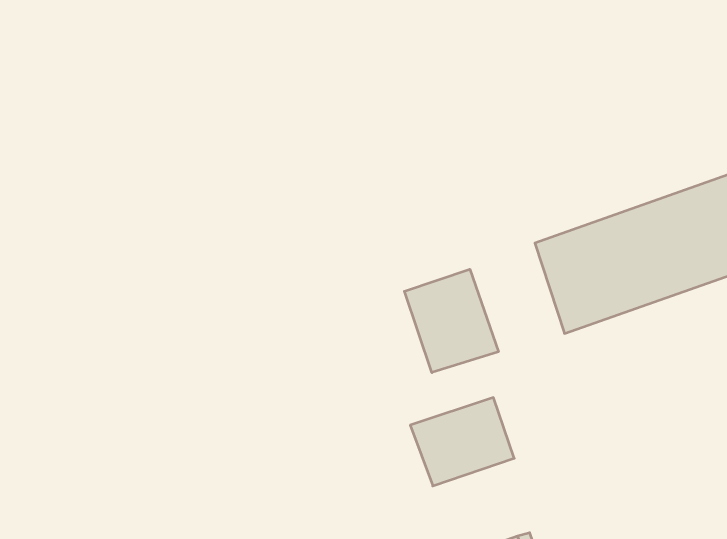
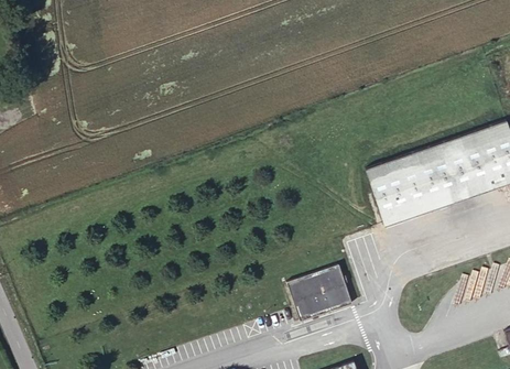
building: [404,269,498,373] -> none

